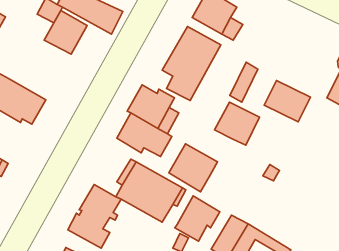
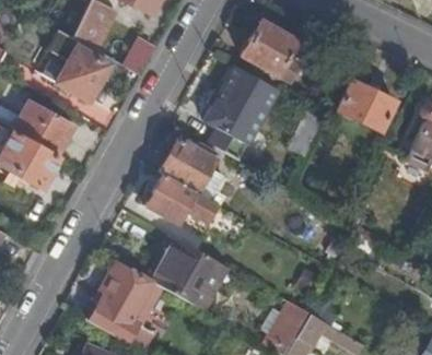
building: none -> [12,98,75,156]
building: [264,81,311,122] -> [338,79,396,130]
building: [215,102,260,145] -> none
building: [169,144,218,192] -> none
building: [175,196,220,241] -> none

